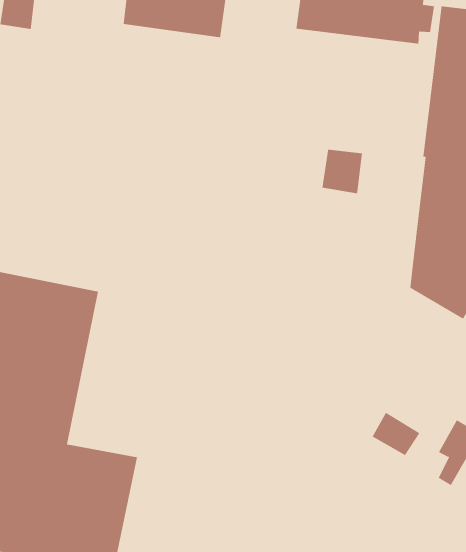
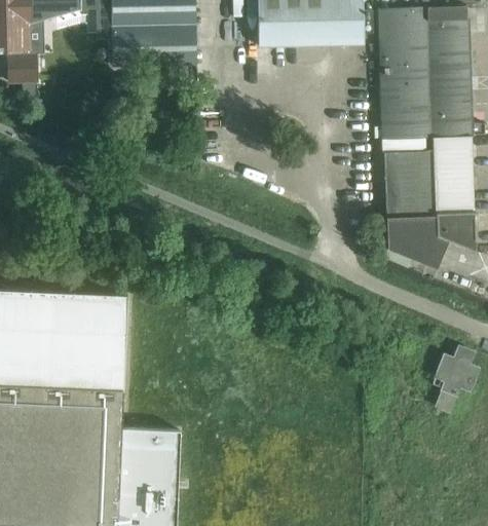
building: [322,149,362,194] -> none
building: [372,412,420,456] -> none

